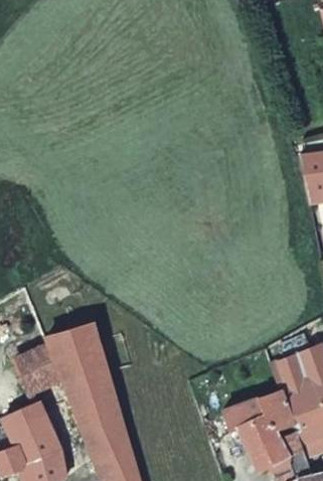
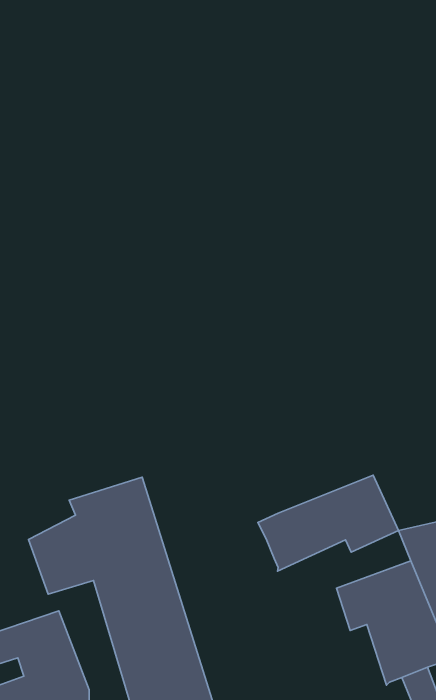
building: none -> [258,475,399,571]

